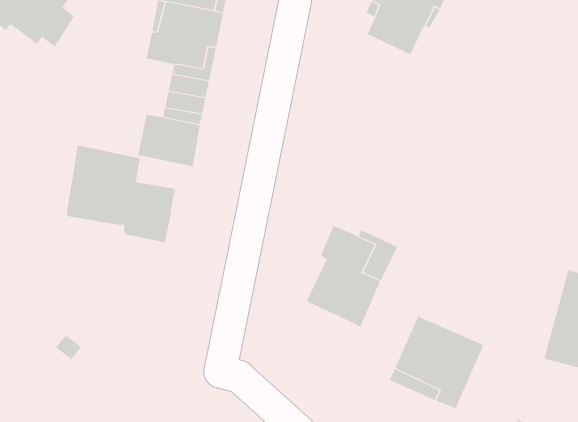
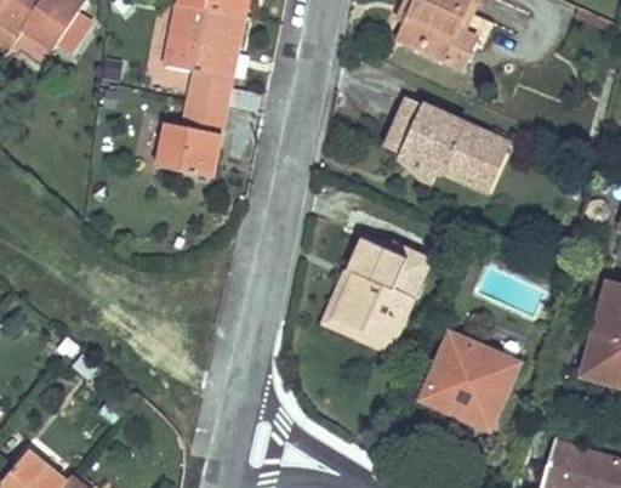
building: none -> [381,96,512,198]
building: [67,145,176,243] -> none
building: none -> [318,267,389,352]

